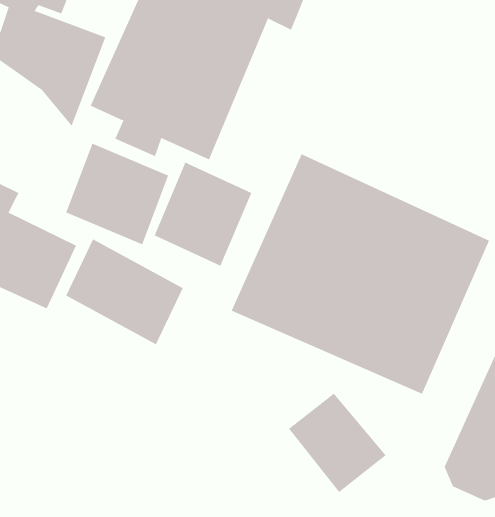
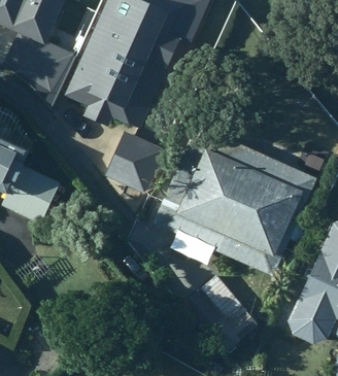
building: [66,143,169,245] -> none
building: [66,239,184,345] -> none

